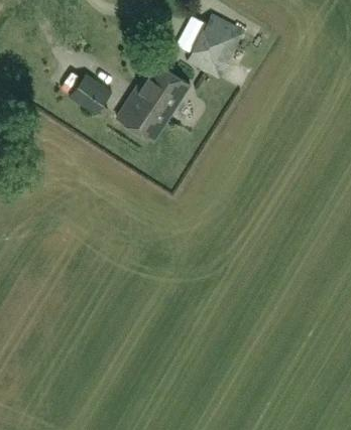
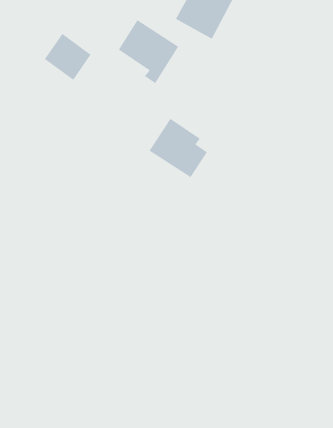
building: [116,88,168,141] -> [149,118,208,178]

